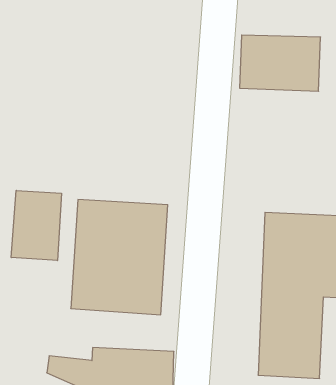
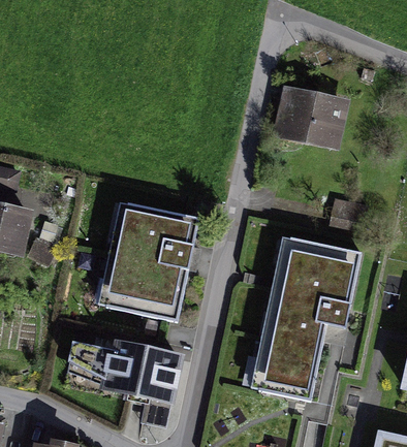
building: [11,190,61,261] -> none

